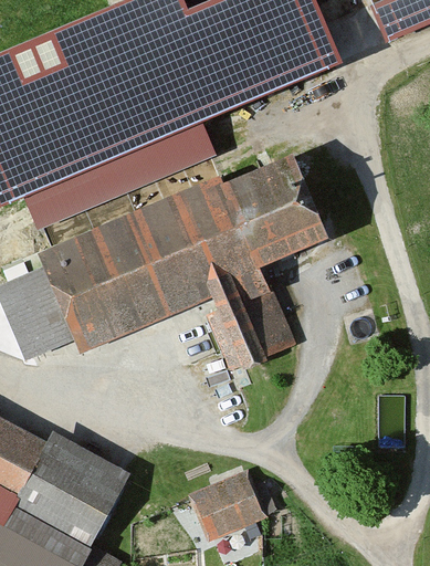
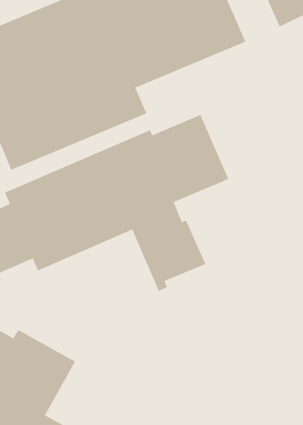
building: [187,471,277,545] -> none

